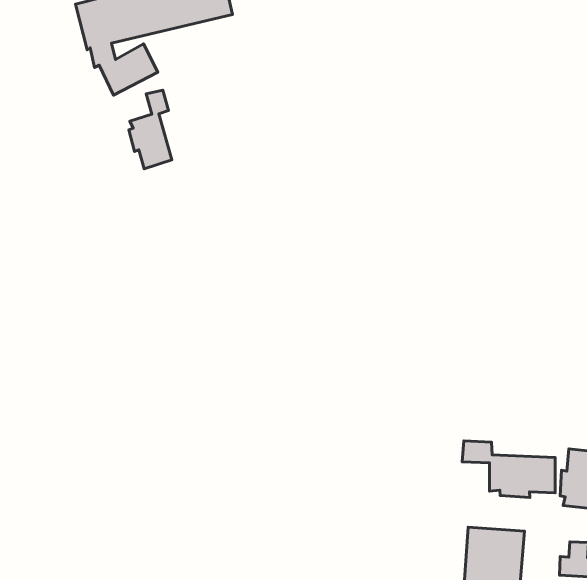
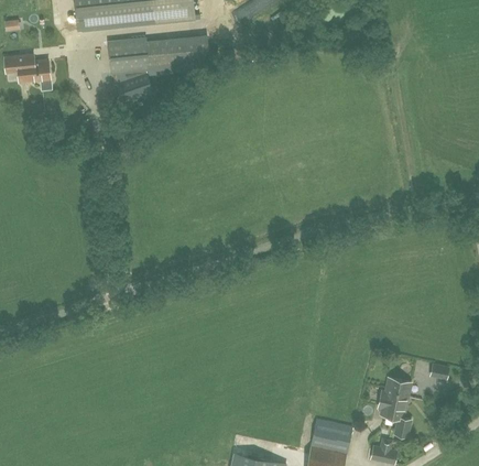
building: [129,90,172,169] -> none
building: [462,441,555,497] -> none

